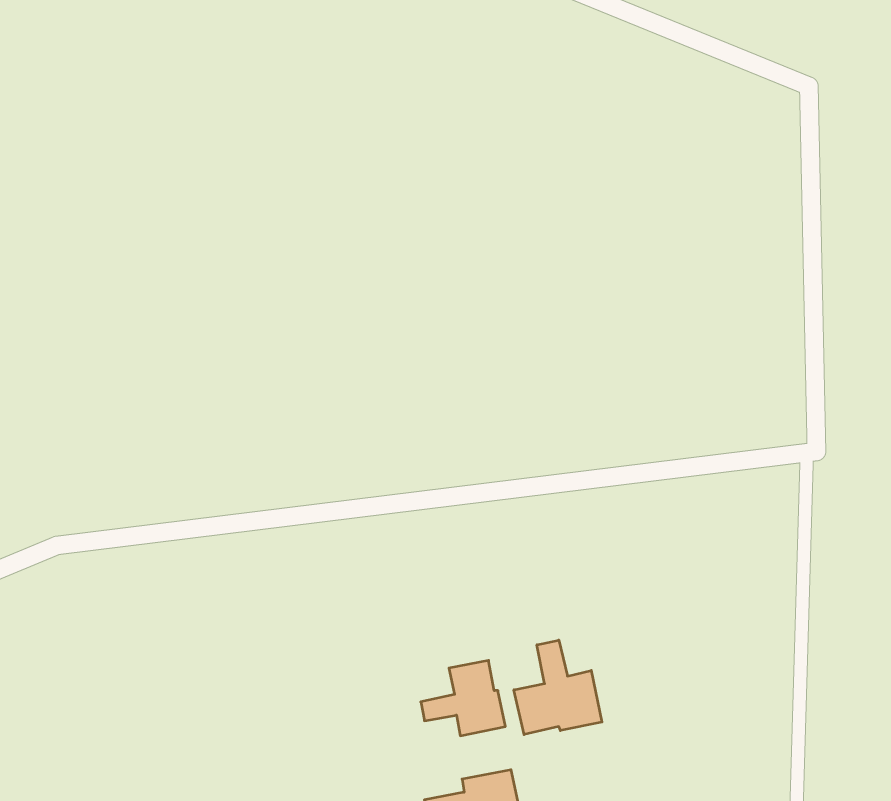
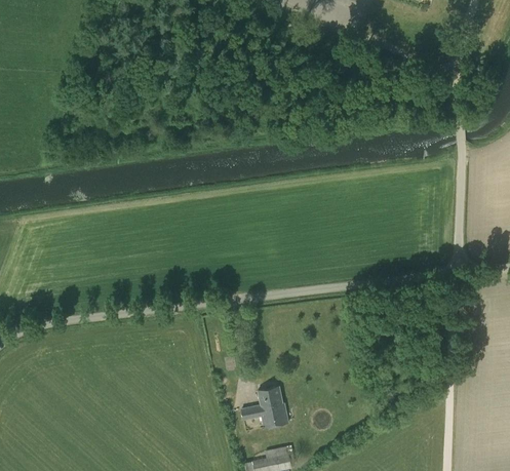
building: [514,640,602,735] -> none

